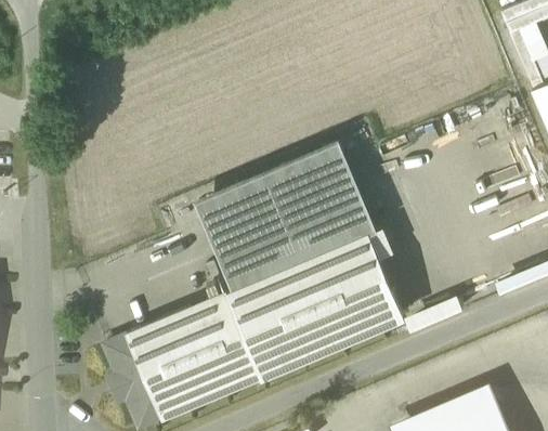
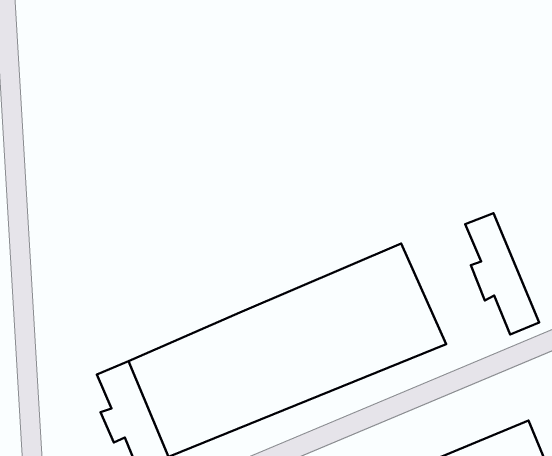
building: [194,143,375,289] -> none
building: none -> [465,213,539,334]

